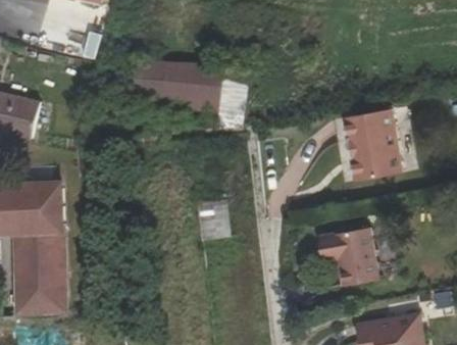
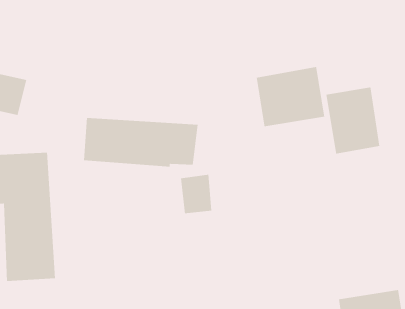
building: [130,60,248,111] -> [83,118,198,167]
building: none -> [256,66,325,127]
building: [326,229,379,287] -> none

